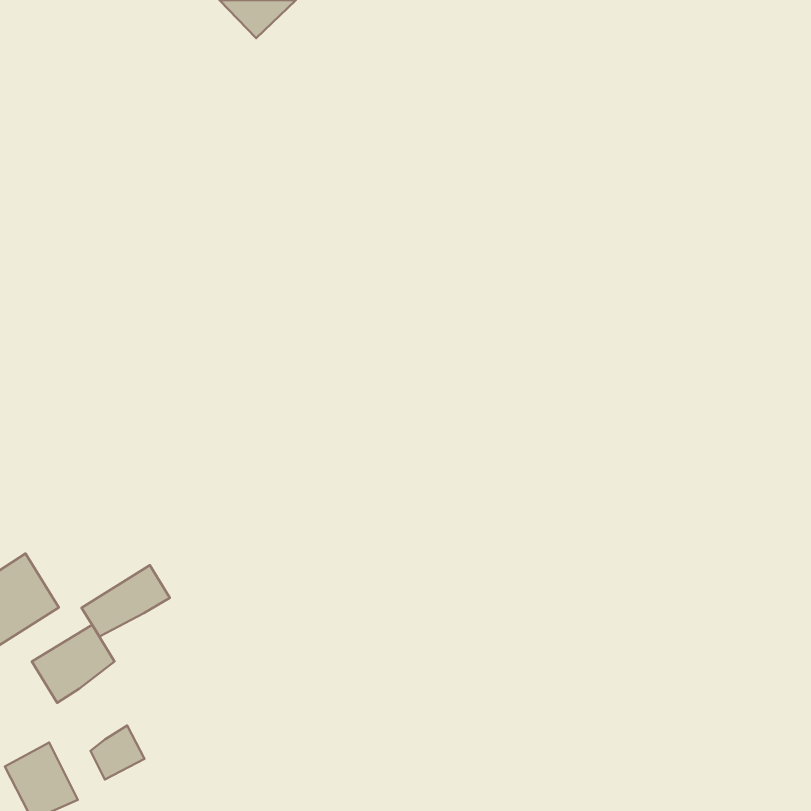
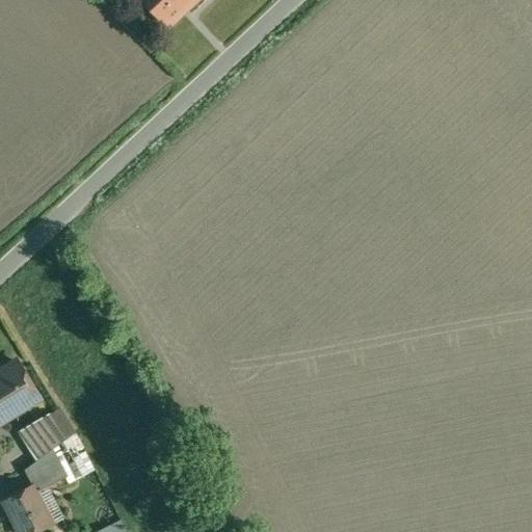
building: [81,565,170,636] -> none
building: [90,725,145,779] -> [28,451,63,486]

